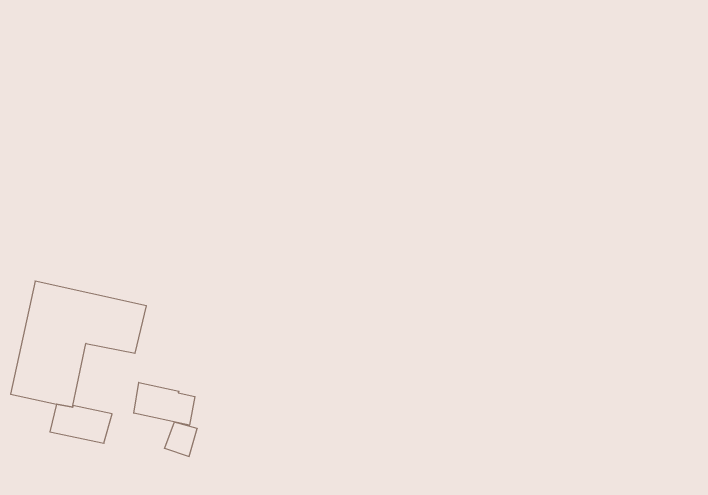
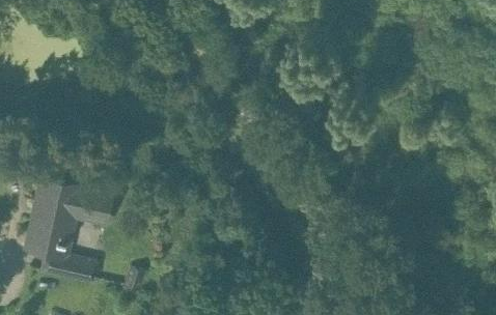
building: [134,382,195,425] -> none

